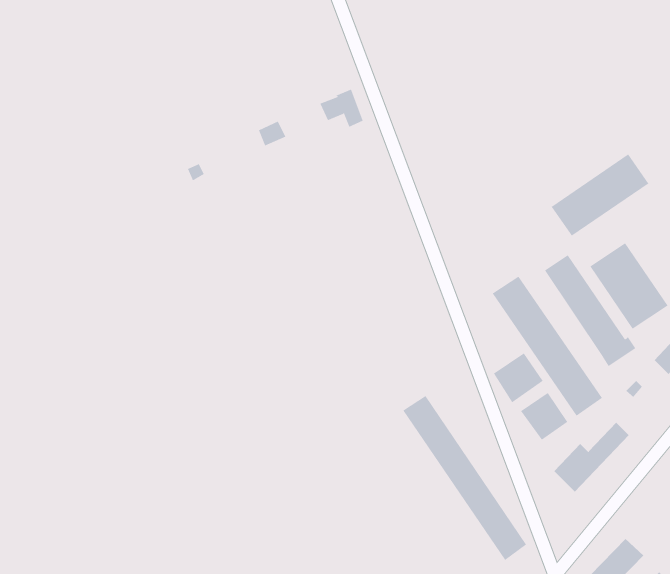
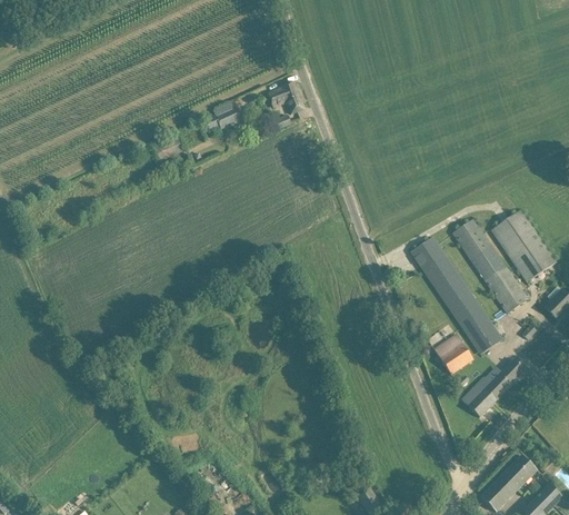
building: [551,154,649,237] -> none
building: [493,353,543,403] -> none
building: [403,395,527,561] -> none

